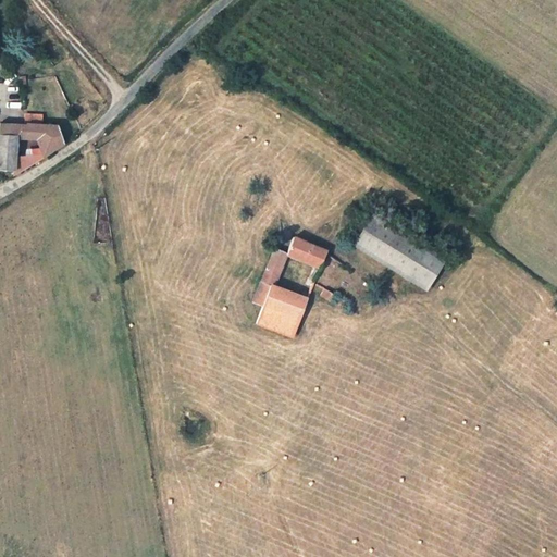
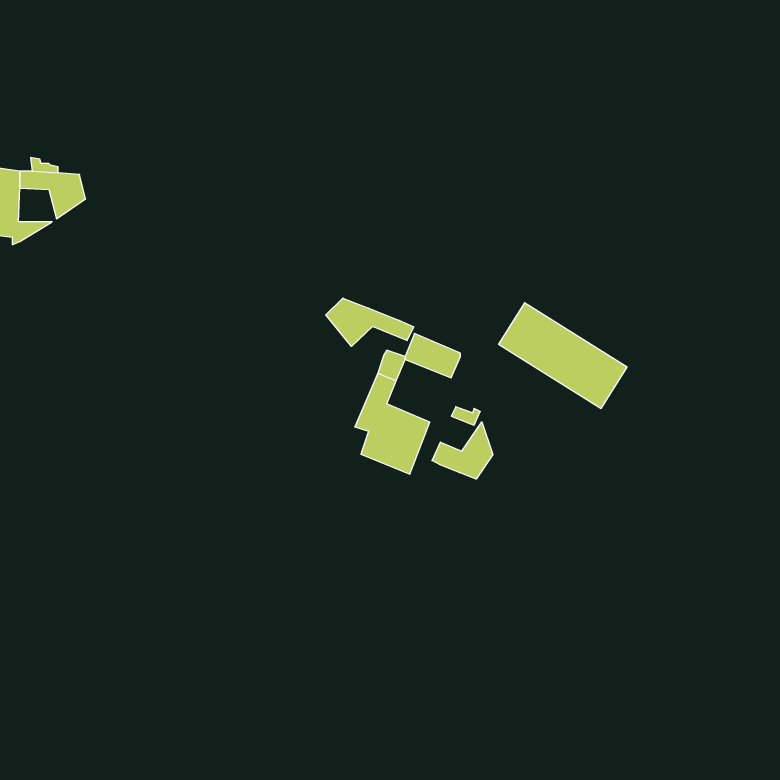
building: none -> [326,298,414,346]
building: none -> [432,422,493,479]

